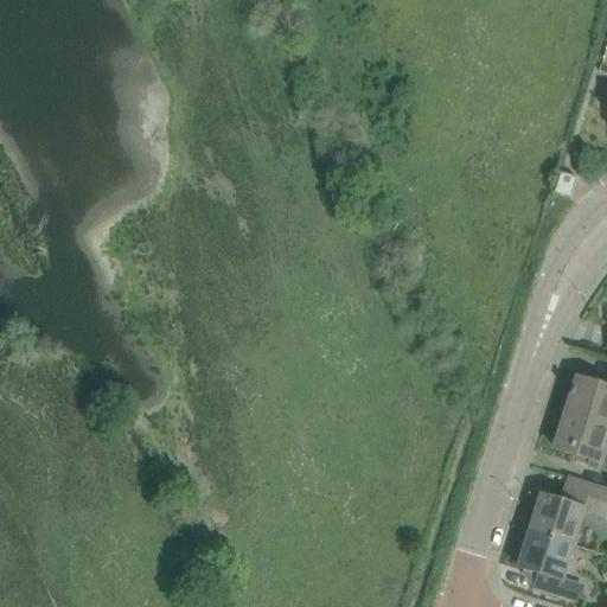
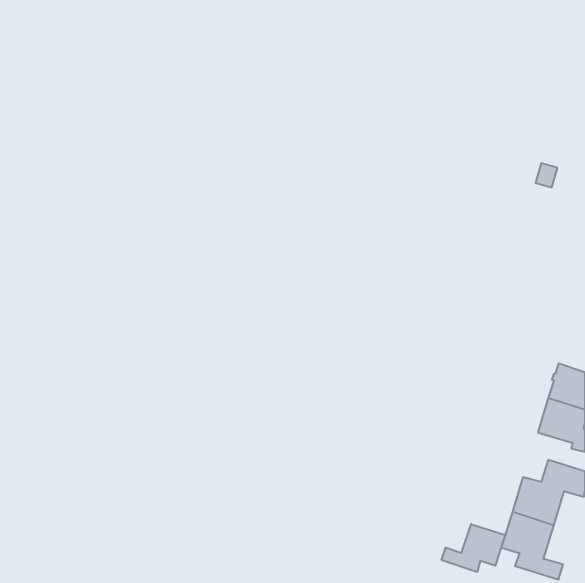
building: none -> [442,524,505,572]

